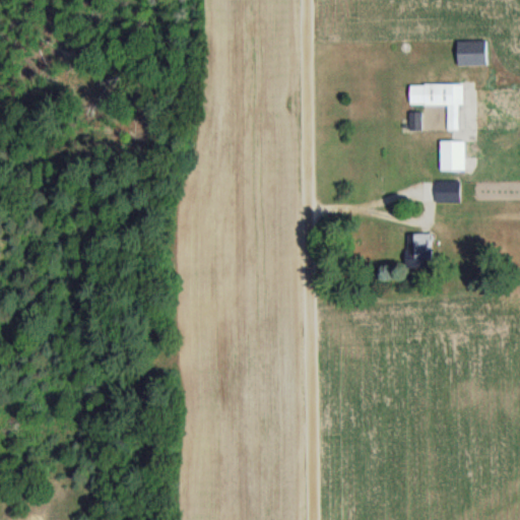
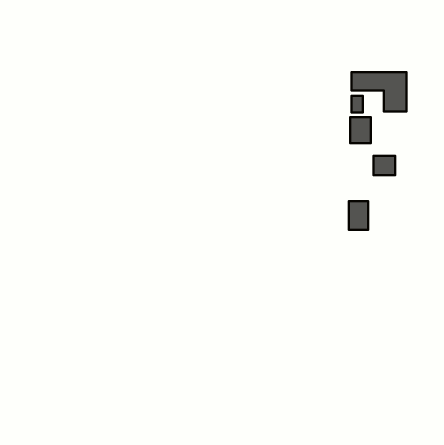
building: [457,41,486,65] -> none
building: [440,141,464,172] -> [350,117,371,143]

